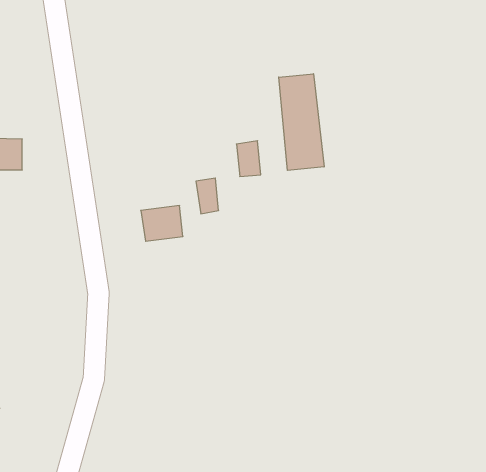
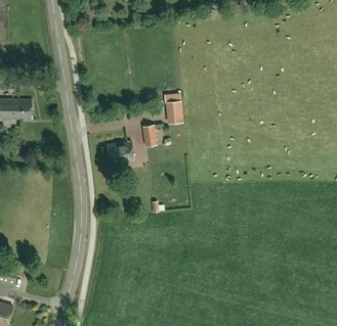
building: [279,74,324,170] -> none

